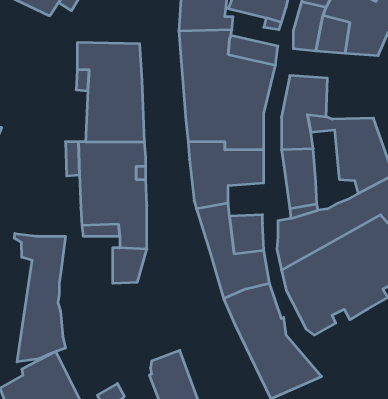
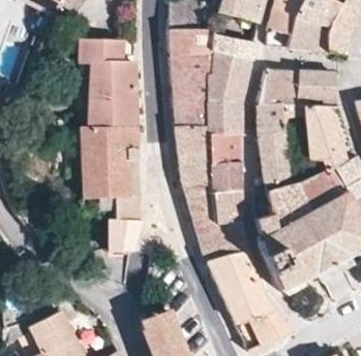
building: none -> [297,70,338,106]
building: none -> [211,162,242,191]
building: [14,233,65,362] -> none

